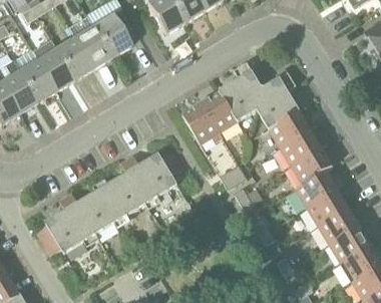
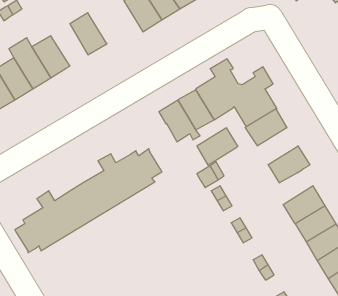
building: [74,25,111,67] -> none
building: [281,129,322,167] -> [197,128,238,165]
building: [297,171,337,207] -> none

